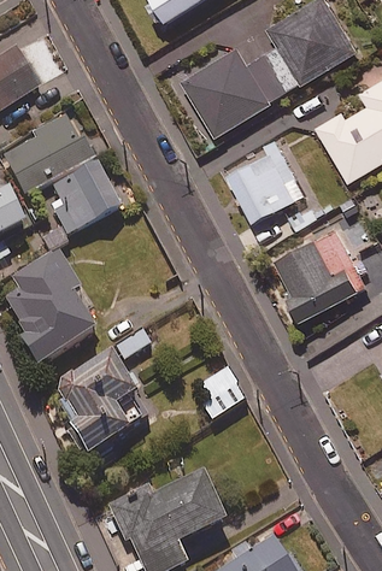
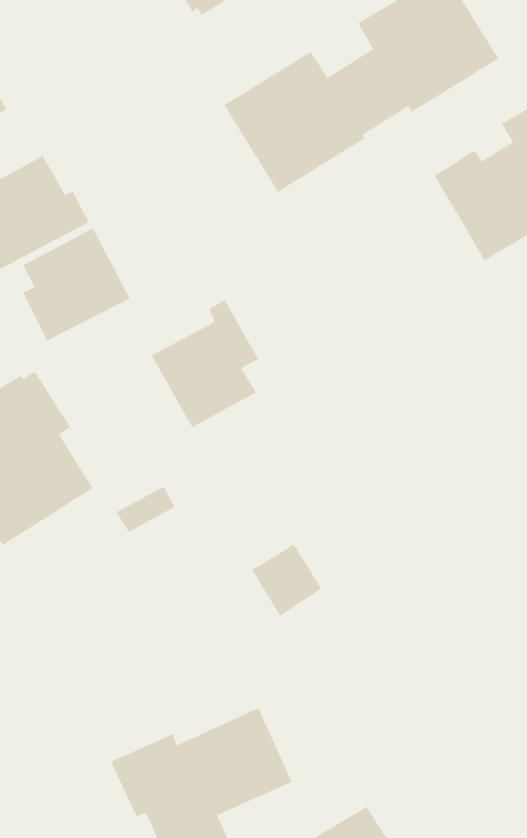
building: [225,141,295,224] -> [151,299,259,428]
building: [274,231,368,325] -> none
building: [54,354,148,459] -> none

